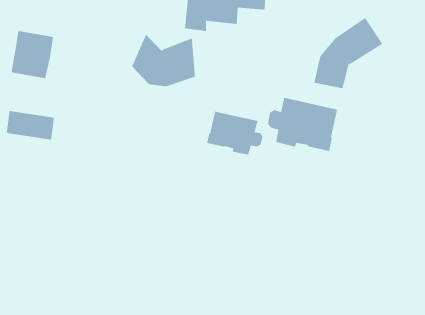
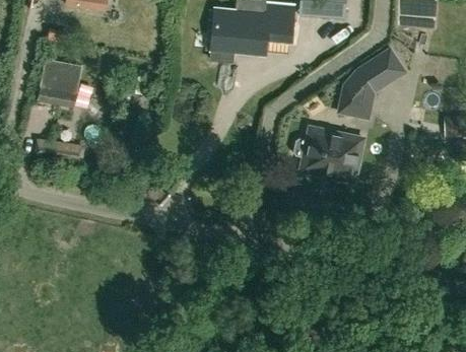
building: [131,34,196,87] -> none
building: [206,111,263,156] -> none

